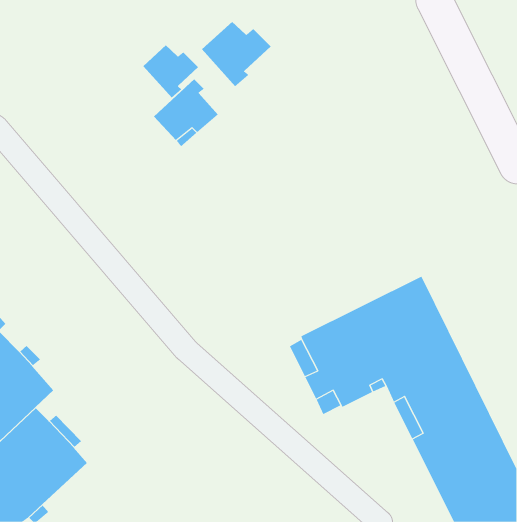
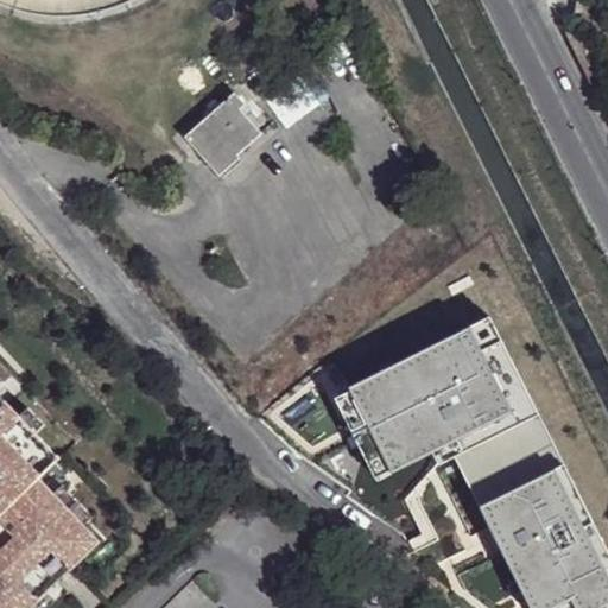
building: [201,21,271,87] -> none
building: [142,45,199,99] -> none

